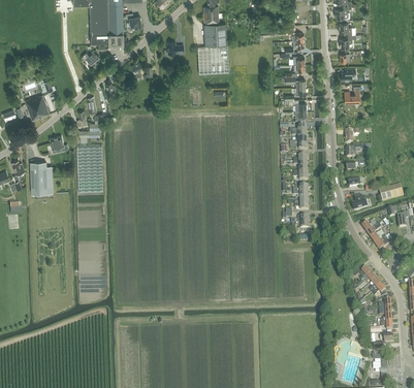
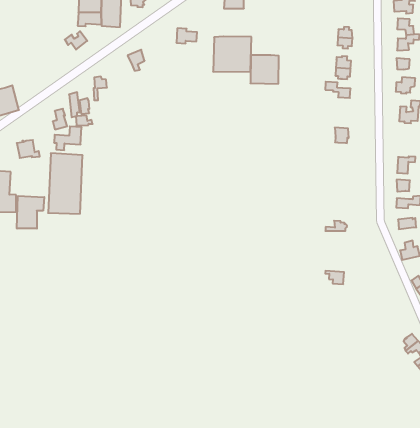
building: [203,21,226,43] -> [250,55,279,84]
building: none -> [17,196,44,229]

